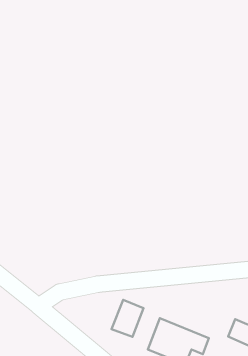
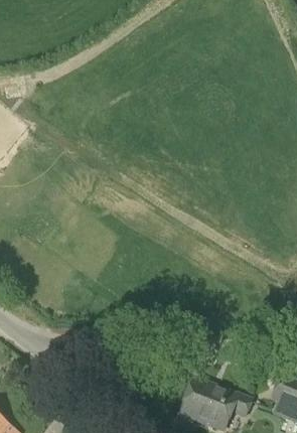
building: [112,300,143,337] -> none

